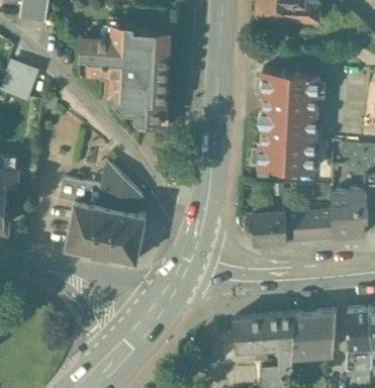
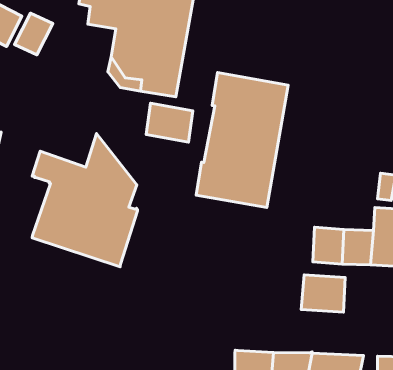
building: [257,70,318,171] -> [196,73,288,208]
building: none -> [15,13,53,55]
building: none -> [146,103,193,142]
building: [253,213,287,243] -> [301,275,345,312]

